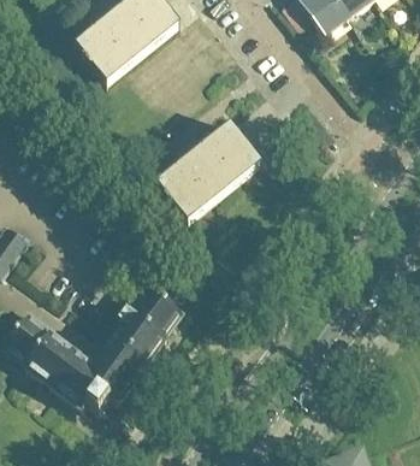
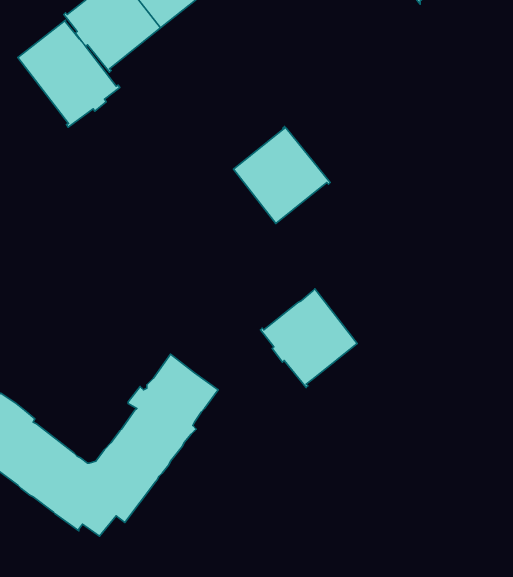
building: none -> [18,20,120,127]
building: [154,153,223,223] -> [260,289,357,388]

